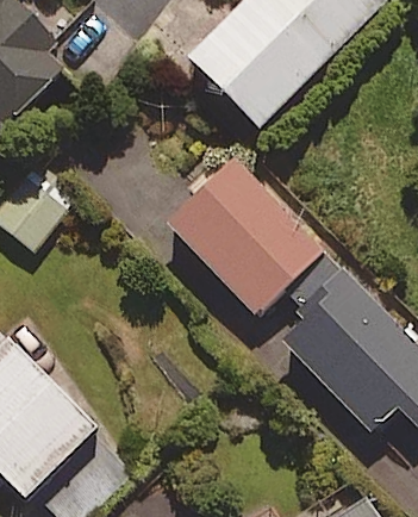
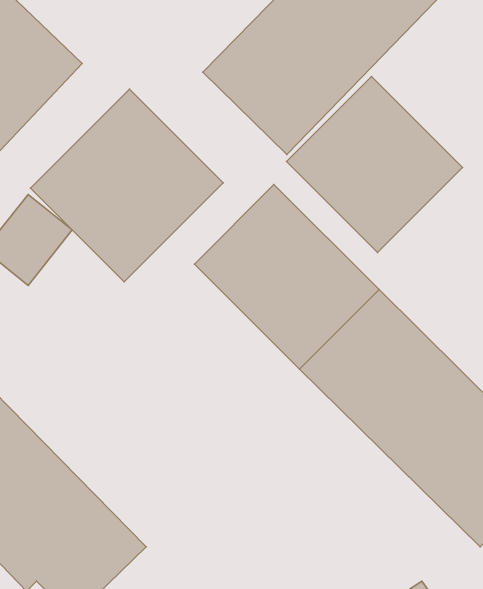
building: none -> [286,76,463,252]
building: none -> [30,89,223,282]

